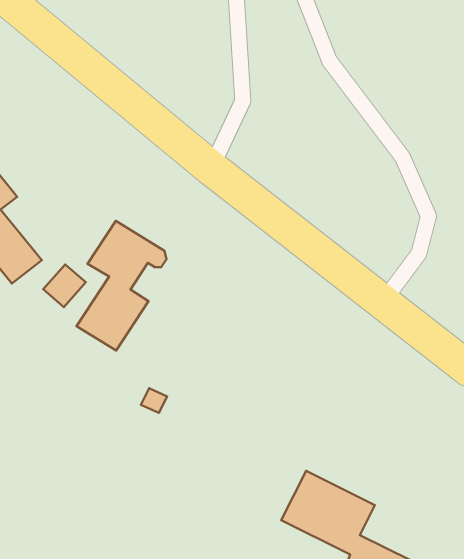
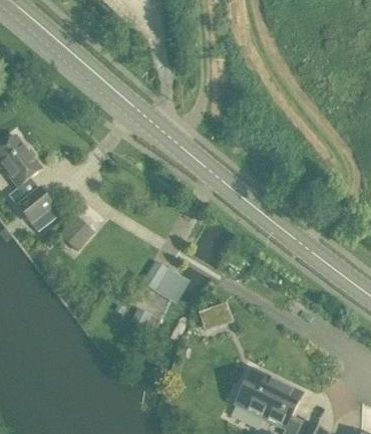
building: [76,221,167,351] -> none
building: none -> [142,260,178,298]

